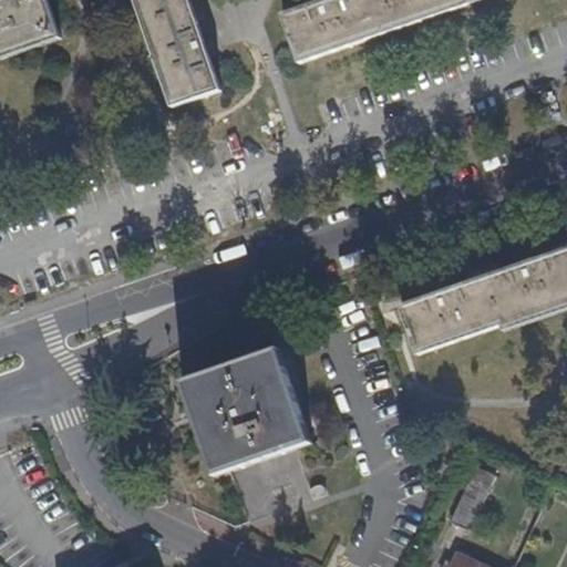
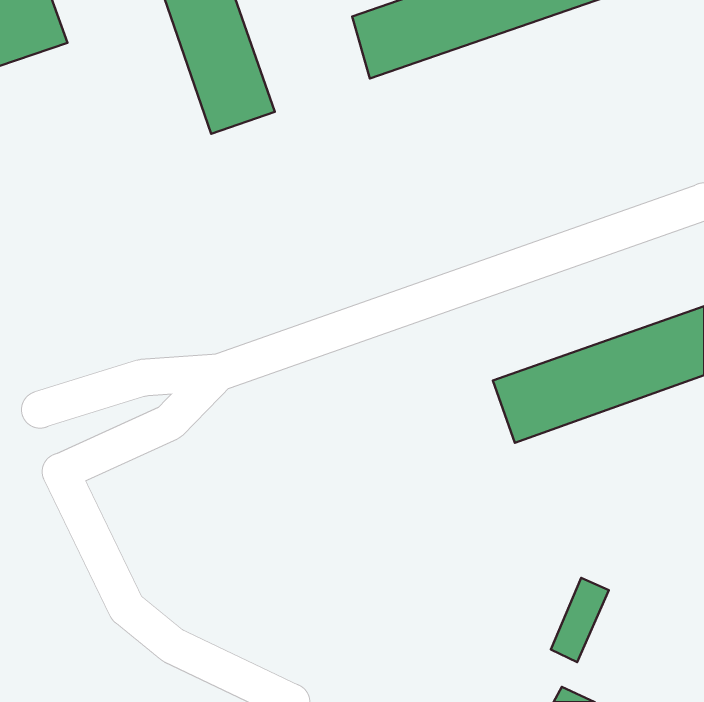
building: [182,346,309,474] -> none

